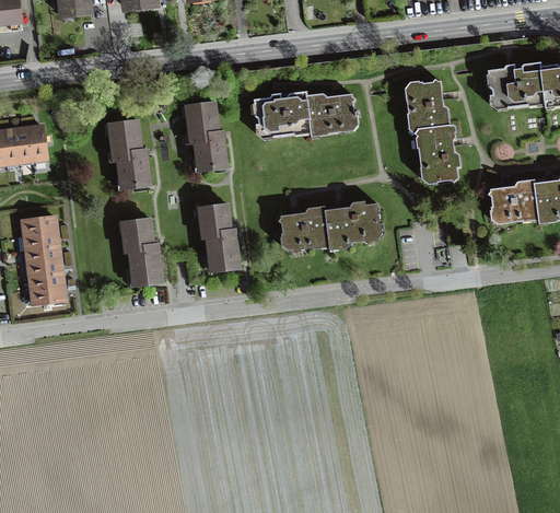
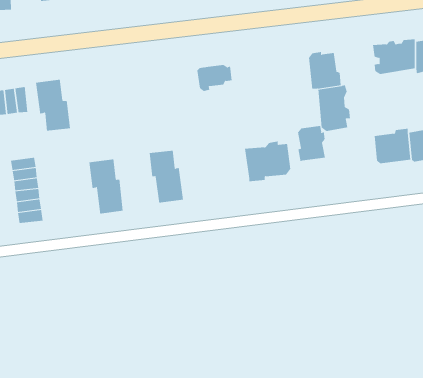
building: [304,93,353,135] -> none
building: [186,105,231,177] -> none
building: [109,123,155,189] -> [35,79,71,131]
building: none -> [297,125,326,162]
building: [276,200,327,248] -> none

